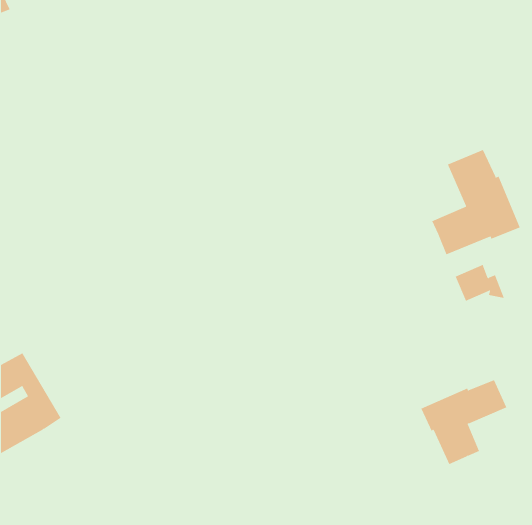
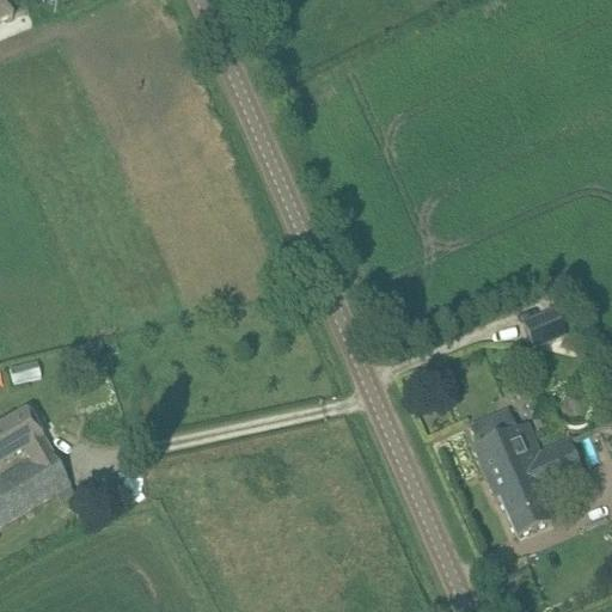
building: [432,149,520,255] -> none
building: none -> [469,406,537,470]

